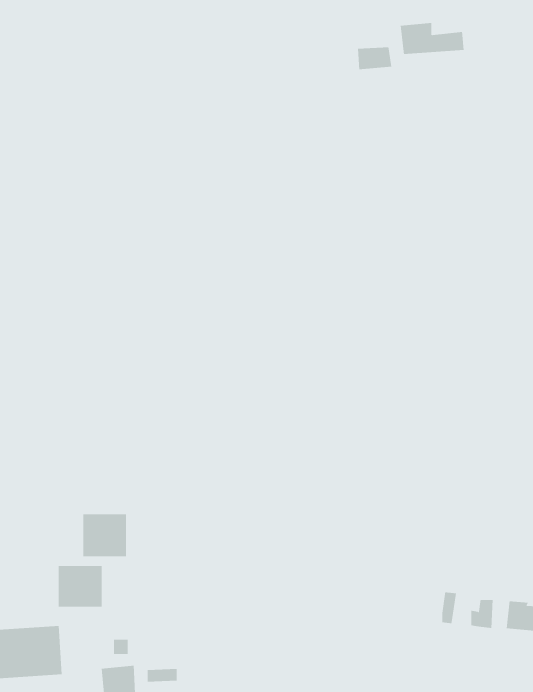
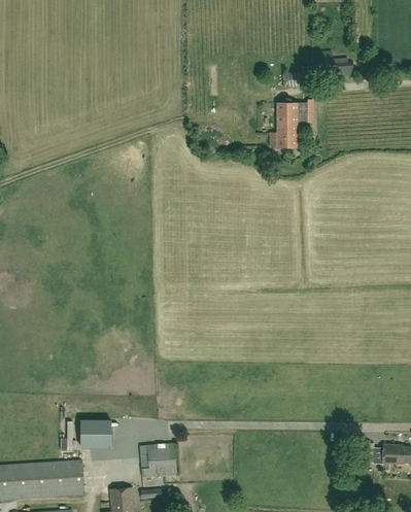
building: none -> [273,100,313,147]
building: [83,514,127,557] -> none
building: none -> [139,444,176,477]

